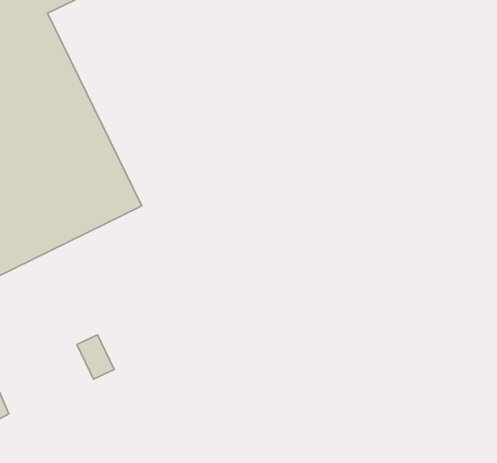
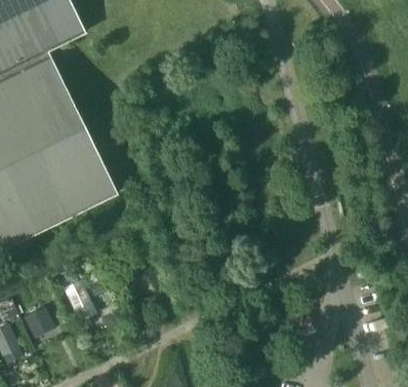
building: none -> [29,305,59,337]

